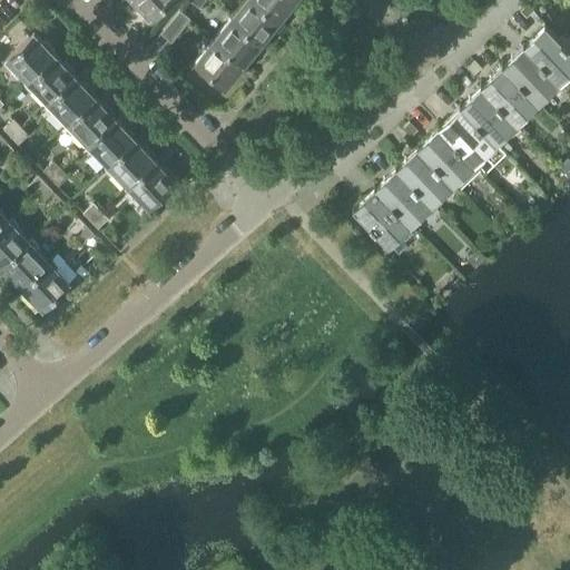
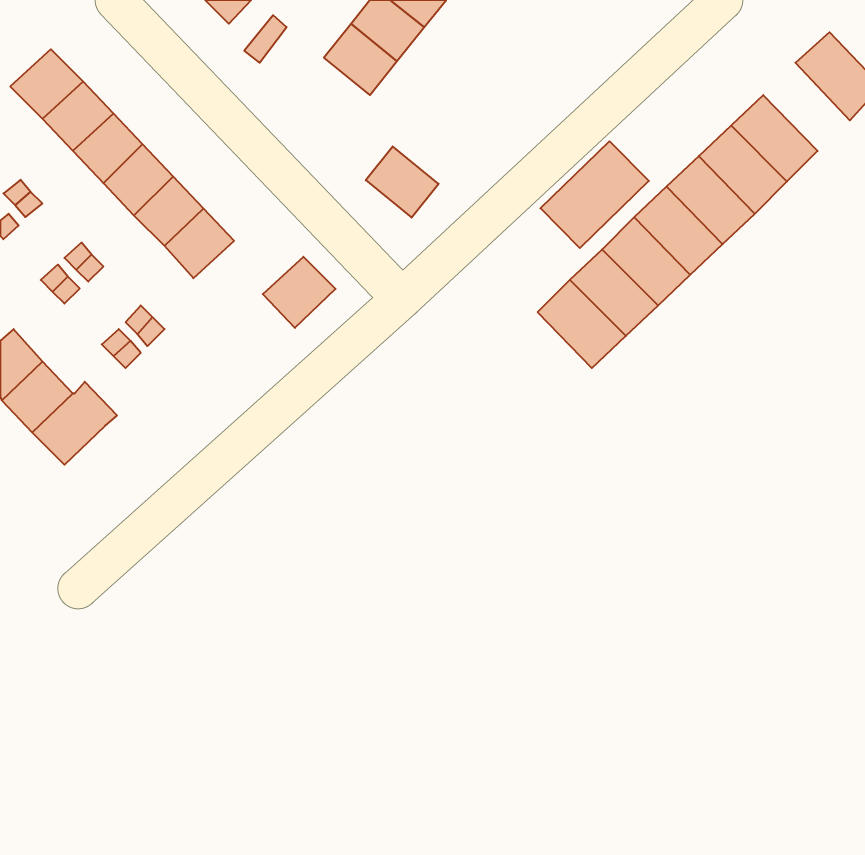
building: [196,46,244,92] -> [366,146,439,218]
building: [502,49,559,107] -> none
building: none -> [540,141,649,248]
building: [128,166,176,213] -> [263,257,336,328]

